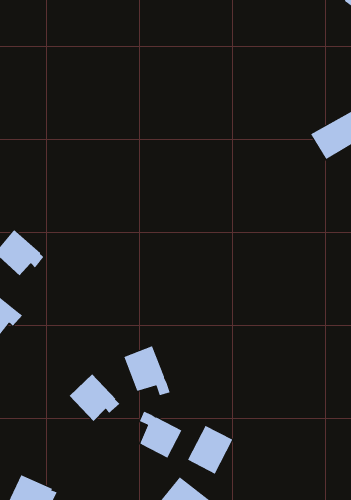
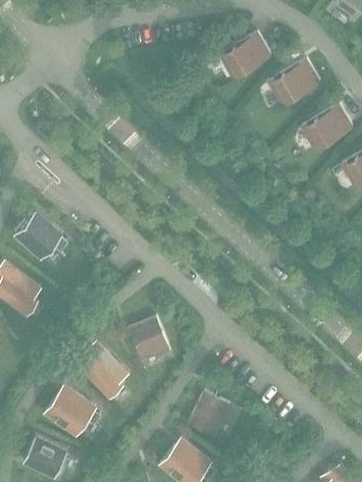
building: none -> [219,34,271,78]
building: none -> [269,60,320,105]
building: [139,411,182,458] -> none
building: none -> [47,391,93,432]

